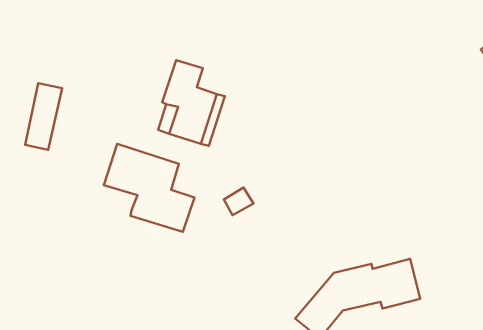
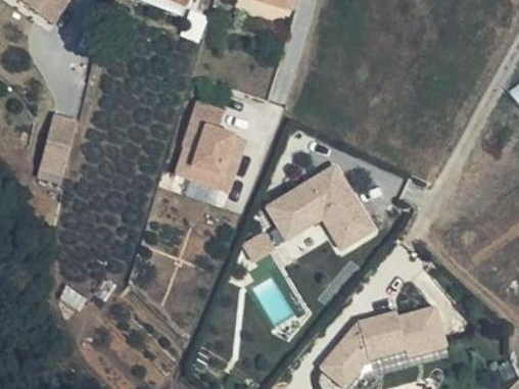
building: none -> [263,162,374,248]
building: [104,144,194,232] -> none

